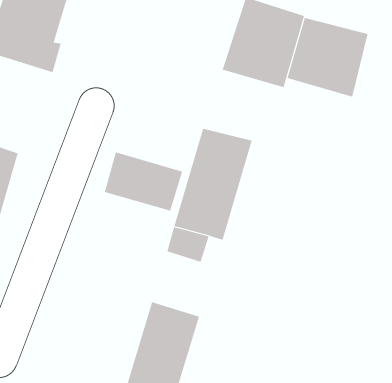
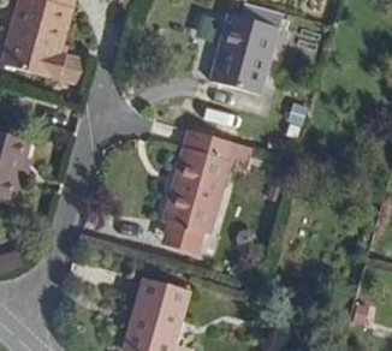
building: [287,17,368,97] -> none
building: [104,151,183,212] -> none

